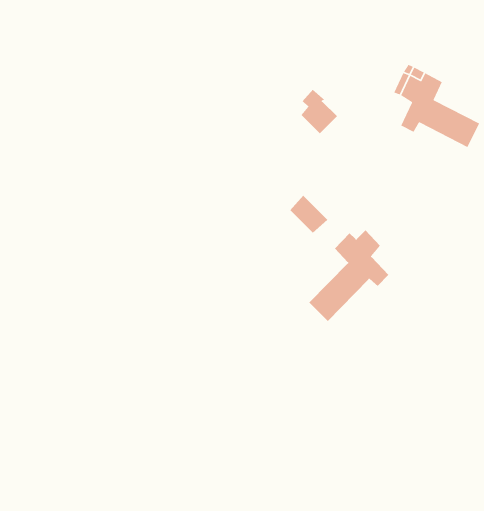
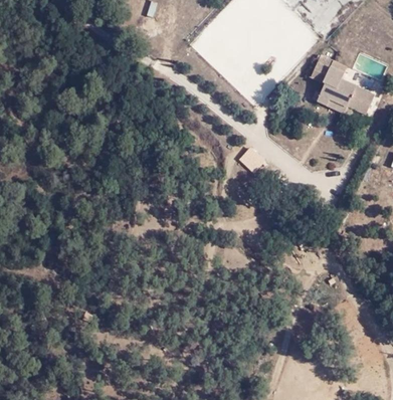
building: [308,229,389,322] -> none

